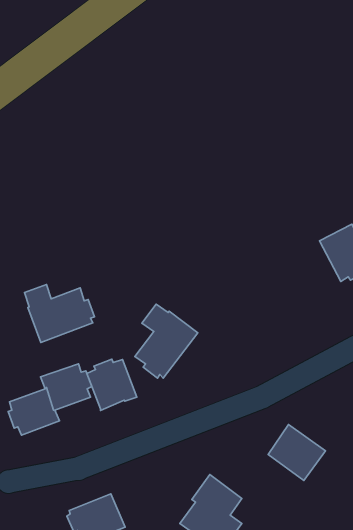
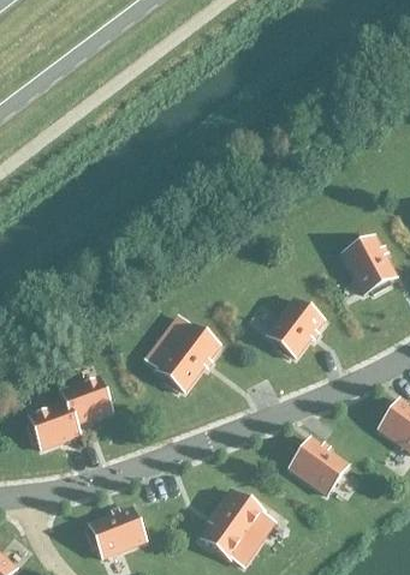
building: [25,284,95,343] -> none
building: none -> [266,298,322,357]
building: [87,359,137,411] -> none

